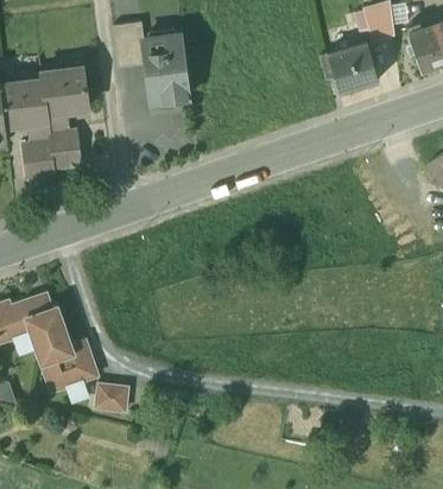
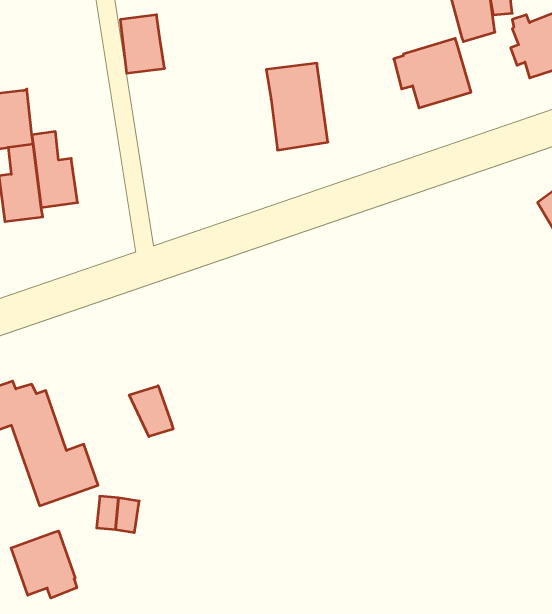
building: [144,36,190,101] -> [266,63,328,150]
building: [40,66,89,113] -> none
building: none -> [129,386,173,437]
building: none -> [11,531,77,598]

